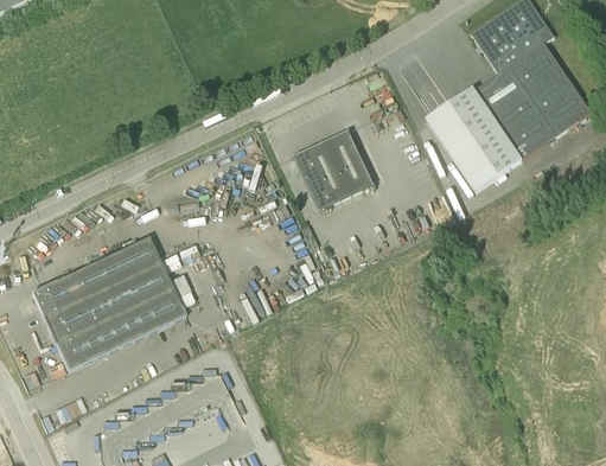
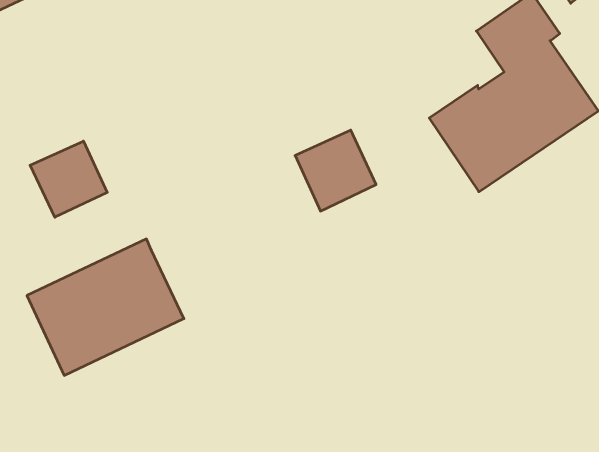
building: none -> [30,141,107,217]

